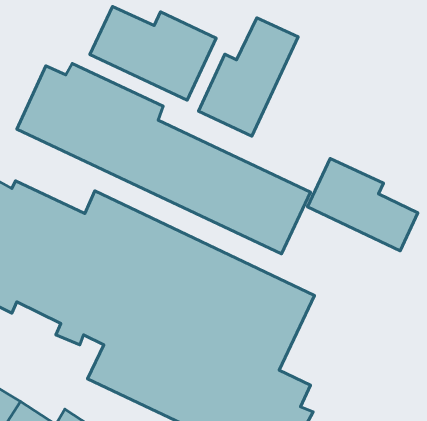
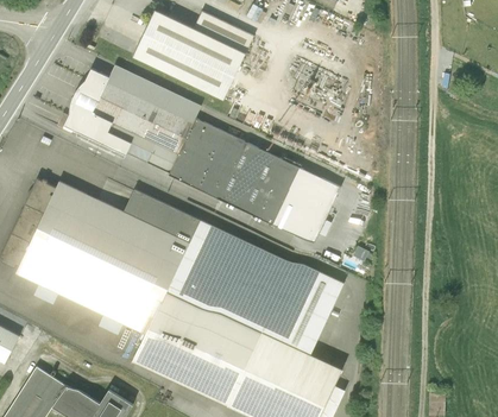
building: [198,18,298,136] -> none
building: [307,158,418,251] -> none

